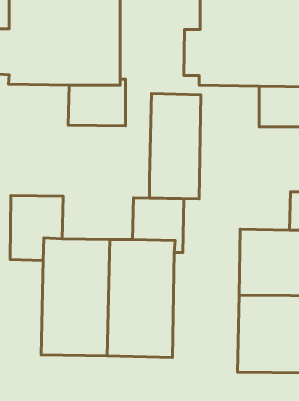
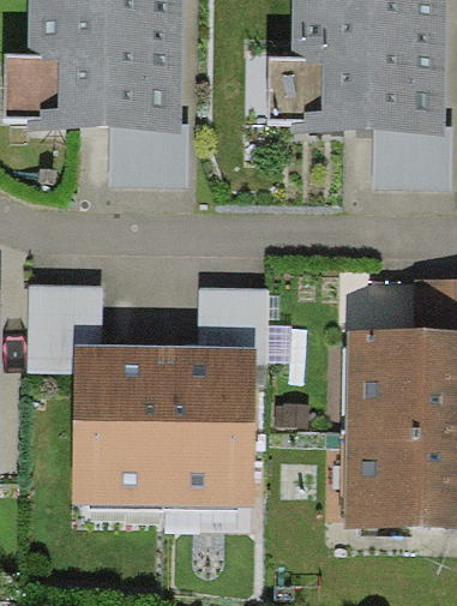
building: [150,93,201,199] -> none

